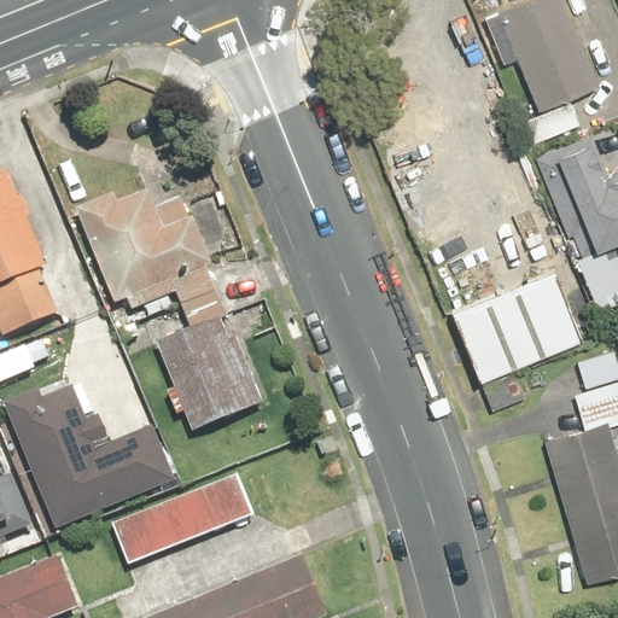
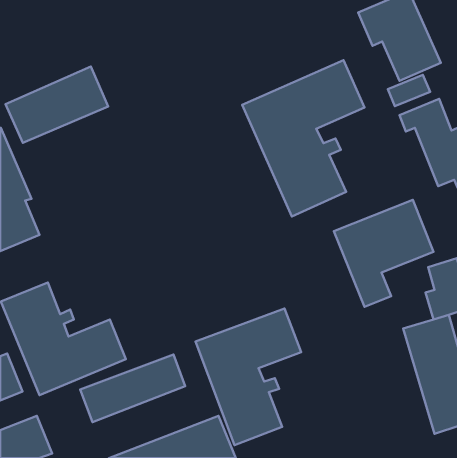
building: none -> [242,60,365,217]
building: none -> [6,66,108,143]
building: [72,191,263,430] -> none
building: none -> [195,308,301,445]

